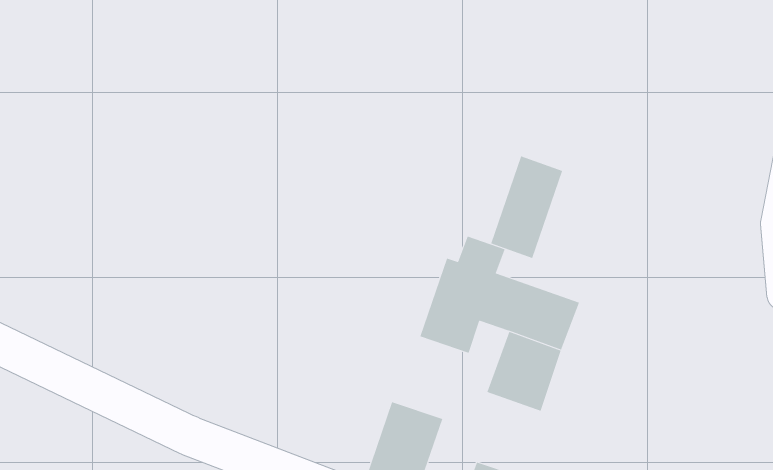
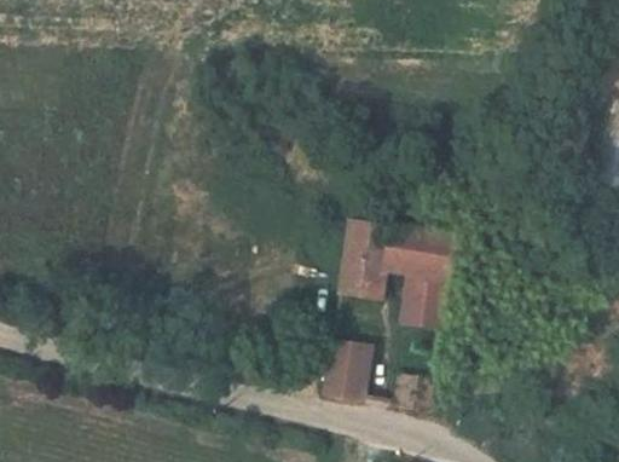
building: [491,156,563,259] -> none

